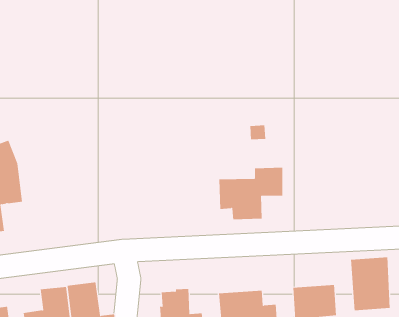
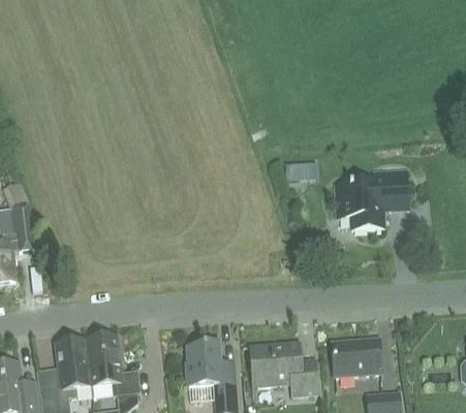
building: [218,167,283,220] -> [337,169,408,227]
building: [351,256,390,311] -> none

